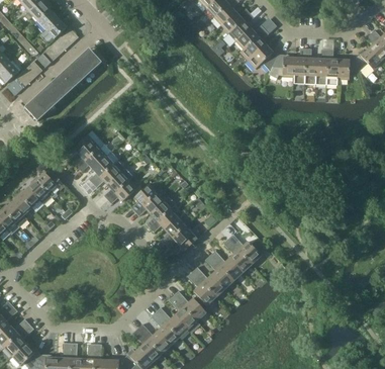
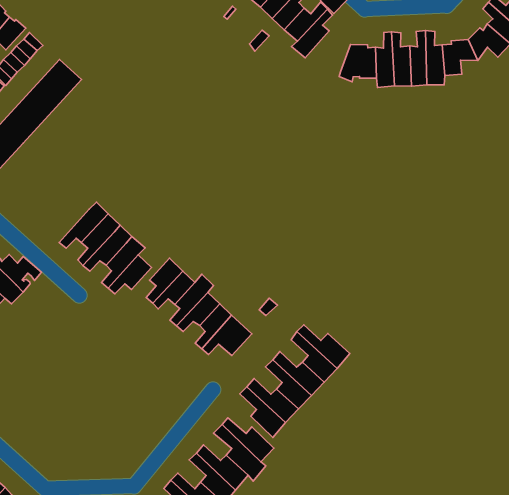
building: [247,44,277,72] -> none
building: [73,134,98,168] -> none

